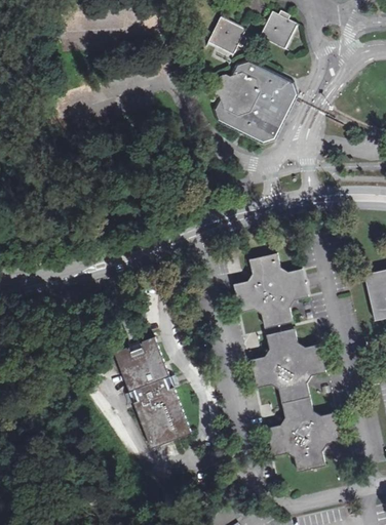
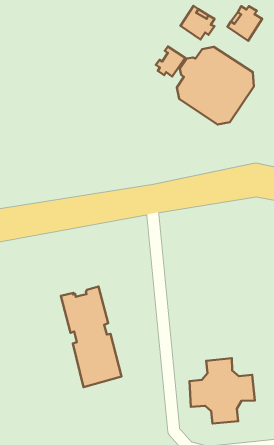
building: none -> [156,46,185,77]
building: [232,252,308,327] -> none
building: [249,327,324,402] -> none

